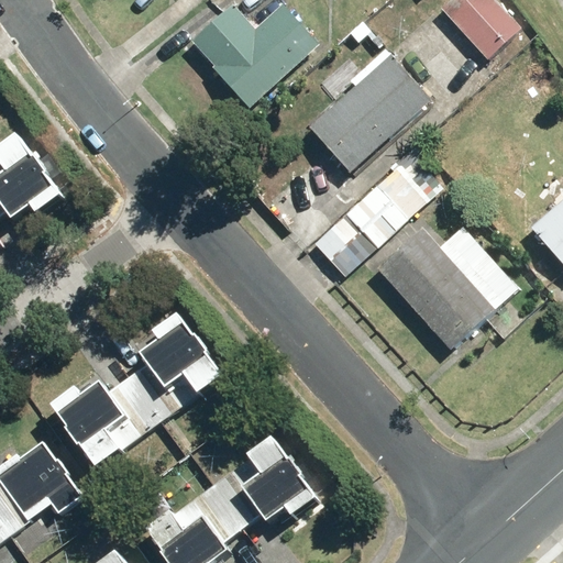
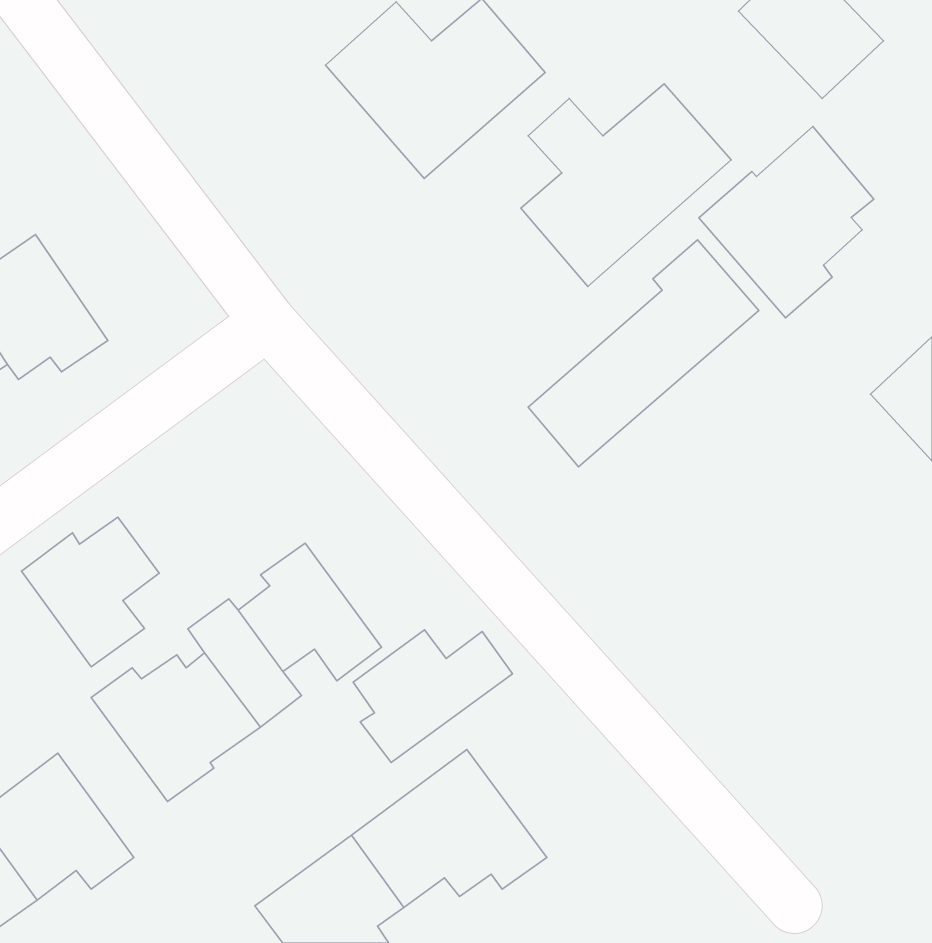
building: none -> [699,126,874,318]
building: [375,227,511,351] -> none
building: none -> [21,517,159,667]
building: none -> [353,630,512,763]

